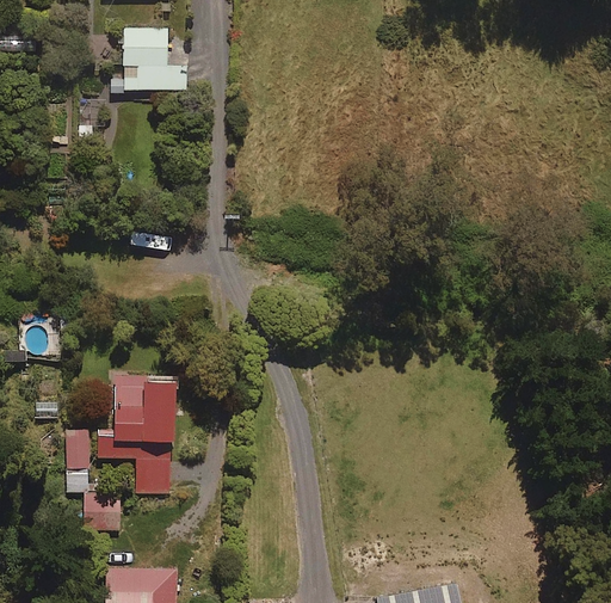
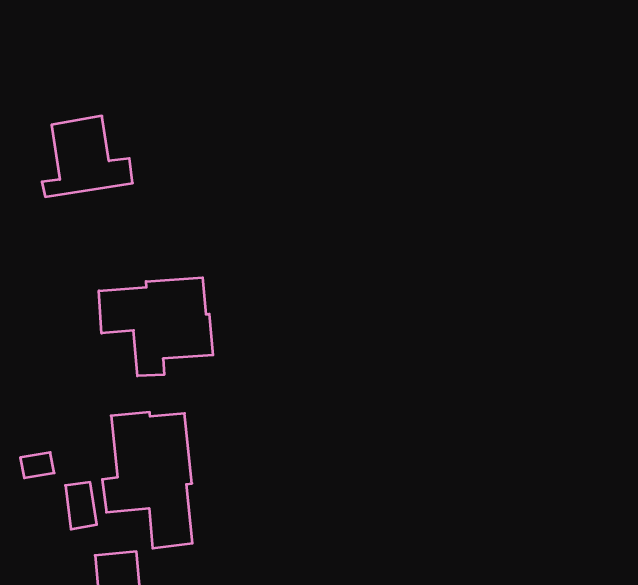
building: [109,27,186,91] -> [42,116,133,197]
building: none -> [99,278,213,376]

